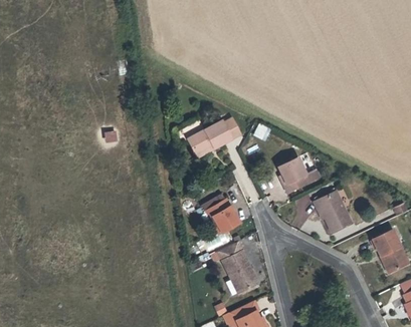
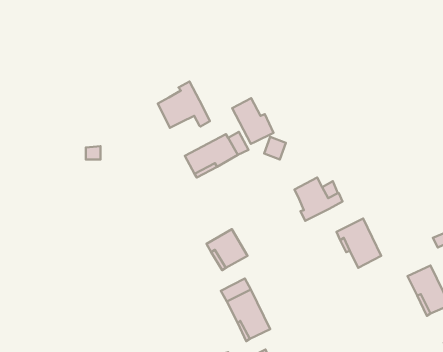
building: none -> [158,82,210,128]
building: none -> [232,98,274,144]

